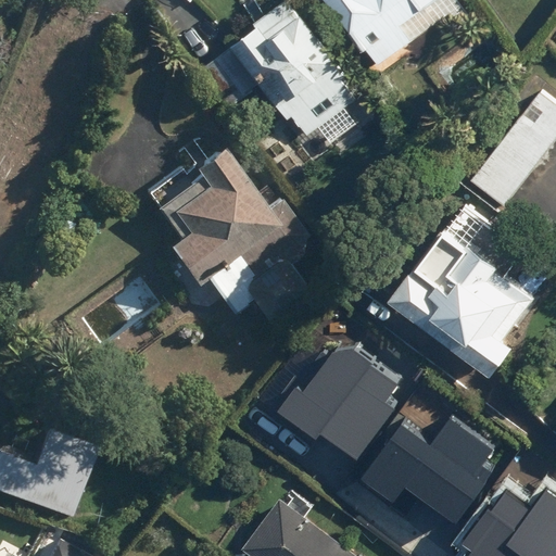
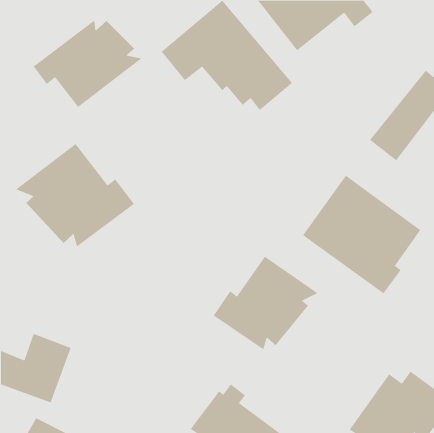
building: none -> [33,20,143,108]
building: [142,147,308,327] -> none
building: none -> [15,143,135,248]
building: [345,408,486,520] -> none

